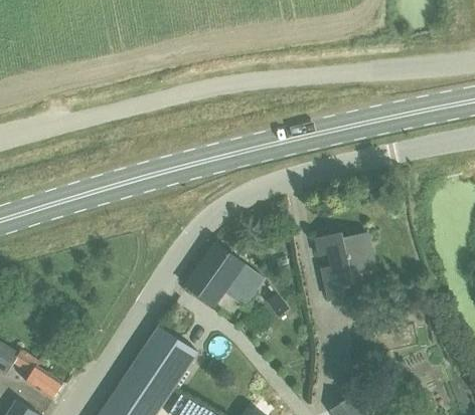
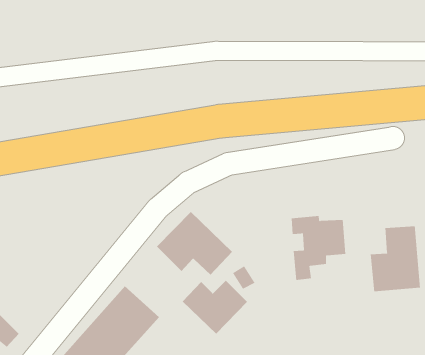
building: none -> [370,226,420,292]
building: none -> [182,280,248,334]

